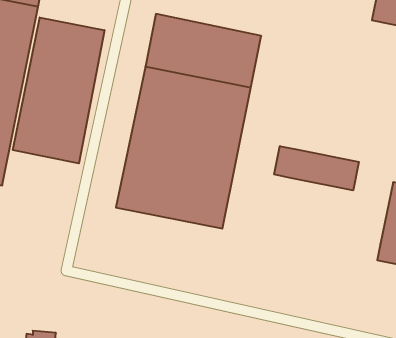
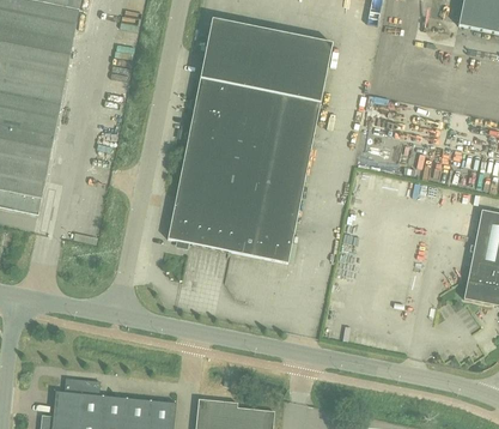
building: [13,17,104,163] -> none
building: [274,146,359,190] -> none

